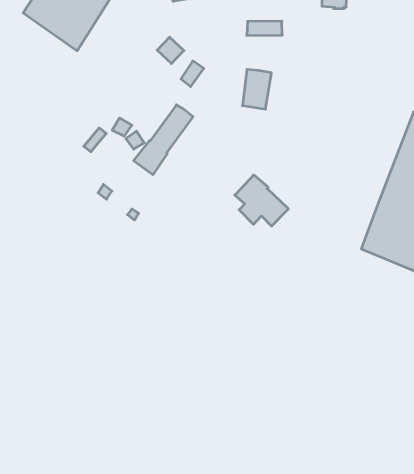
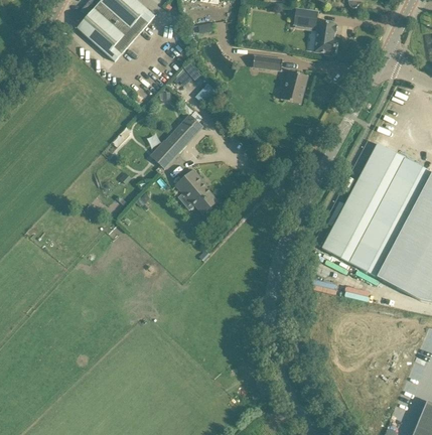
building: [242,69,271,109] -> [281,71,307,105]
building: [235,175,288,226] -> [175,171,217,213]

